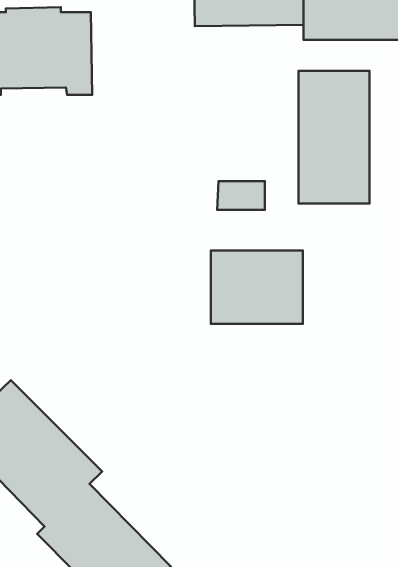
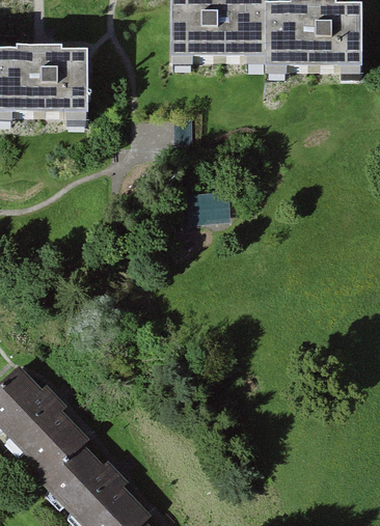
building: [299,71,370,203] -> none
building: [211,251,303,324] -> none

